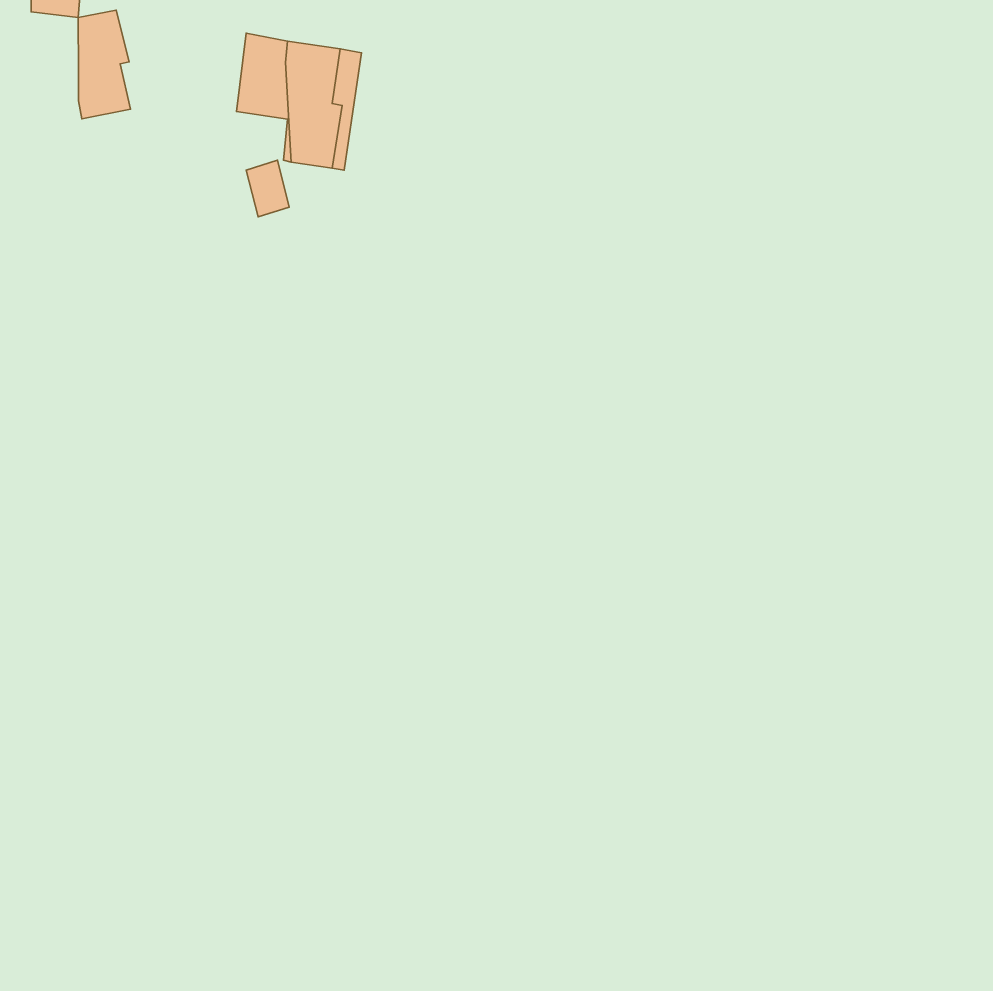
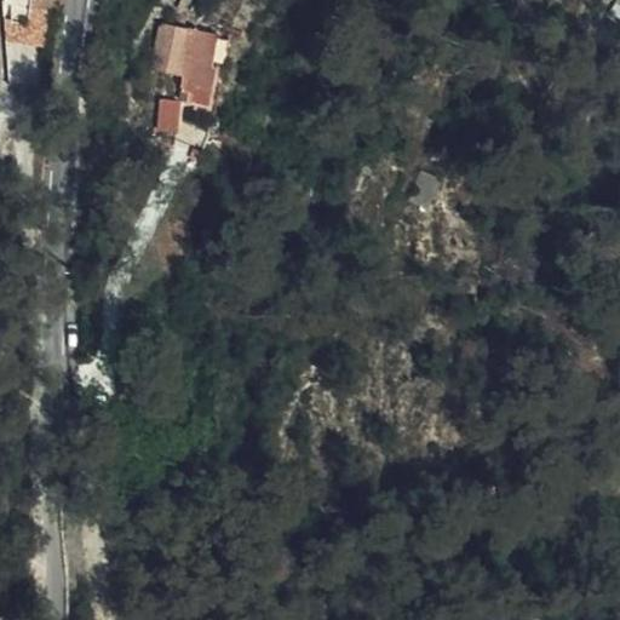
building: [78,10,131,119] -> none

